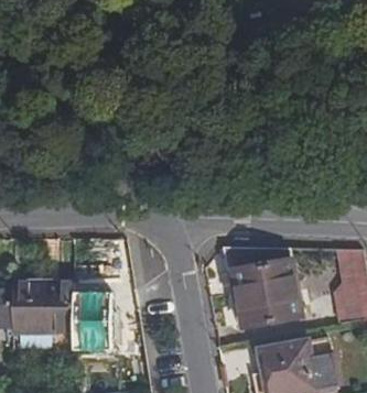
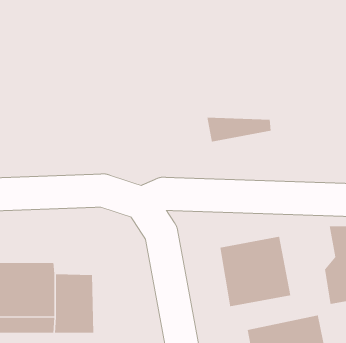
building: [227,247,290,271] -> [207,117,271,142]

